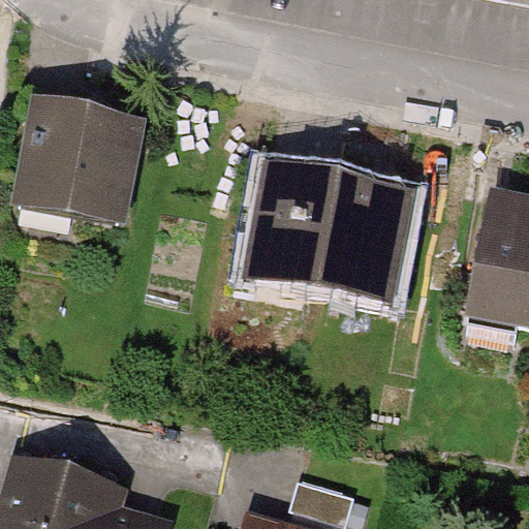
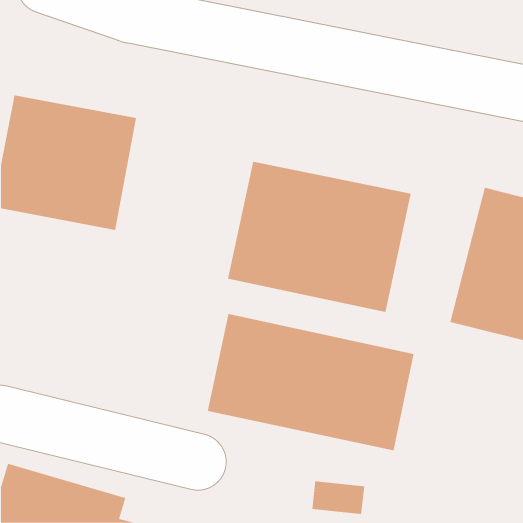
building: none -> [207,313,414,451]

